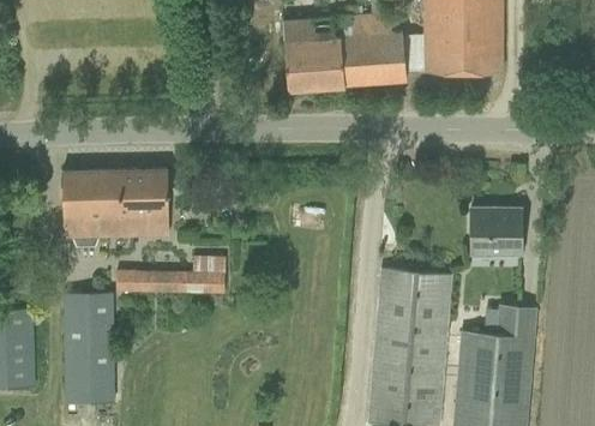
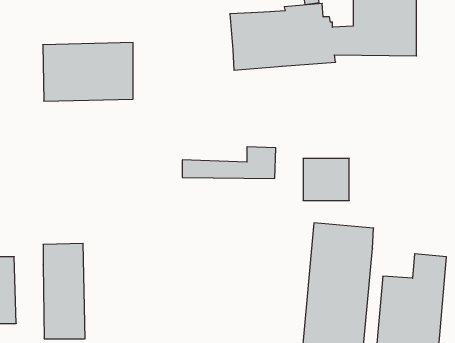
building: [62,169,168,238] -> [43,43,133,101]
building: [468,205,522,254] -> [303,158,349,200]
building: [116,256,226,293] -> [182,147,276,178]

